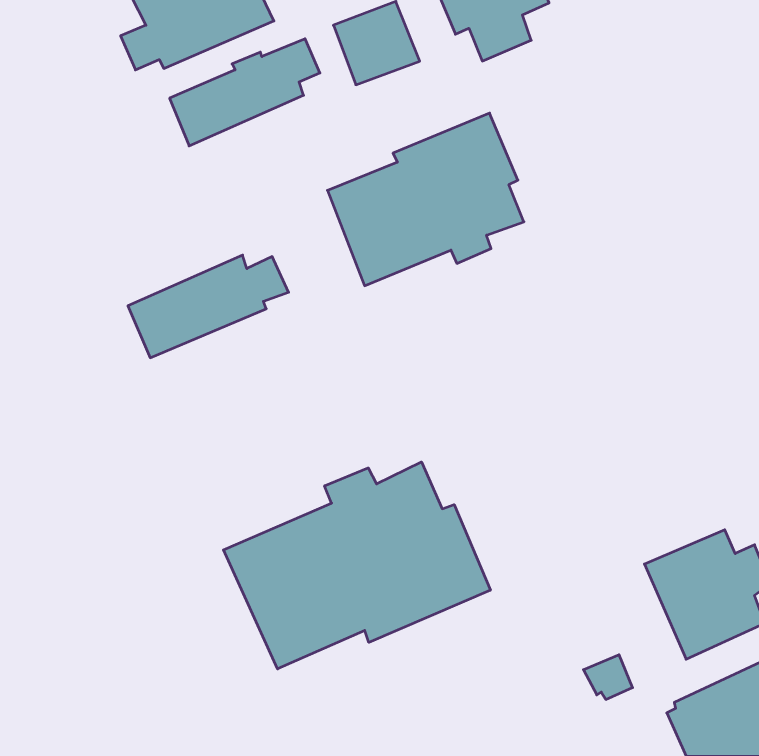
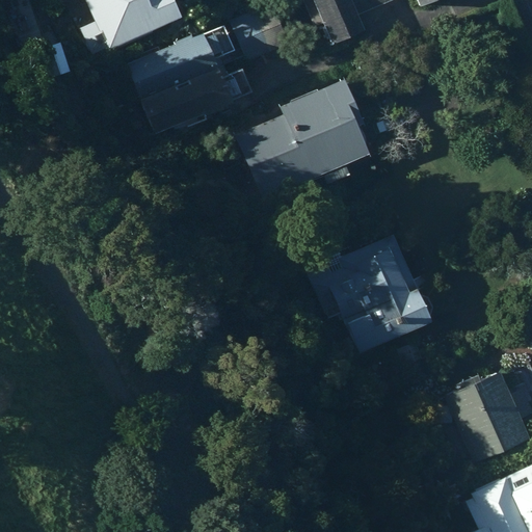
building: [128,255,289,358] -> [133,66,245,138]
building: none -> [301,230,440,349]
building: [223,462,490,669] -> none

